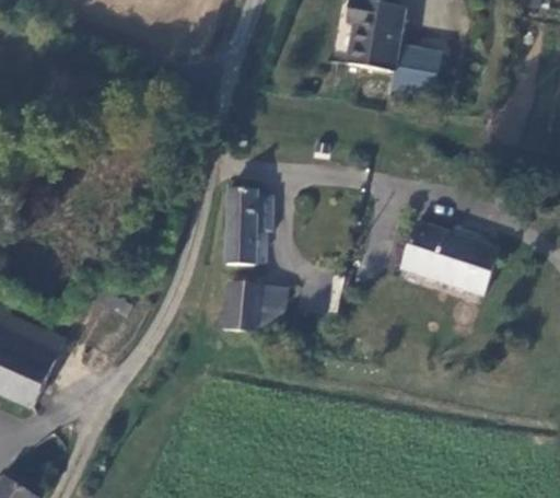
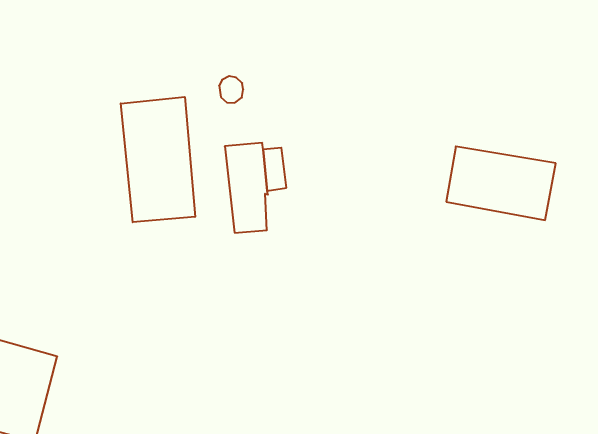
building: none -> [121,97,195,222]
building: [223,285,285,348] -> none

